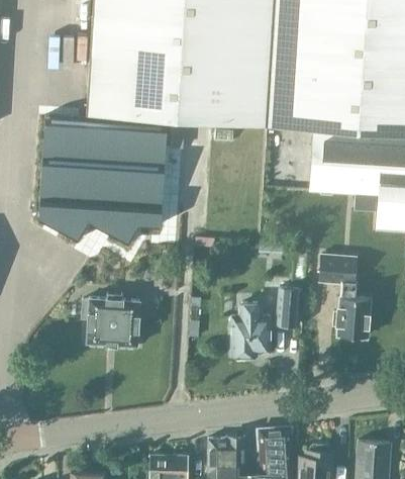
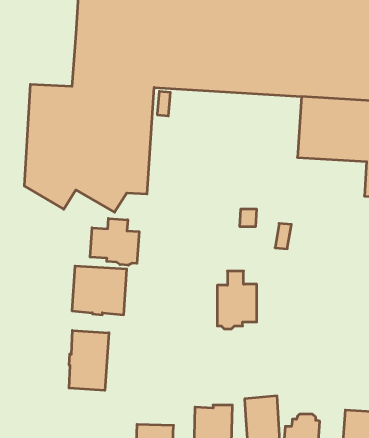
building: none -> [90,218,139,265]
building: [319,256,369,336] -> none
building: [277,287,302,325] -> none
building: none -> [69,330,109,390]

